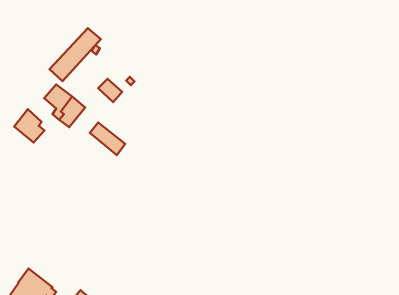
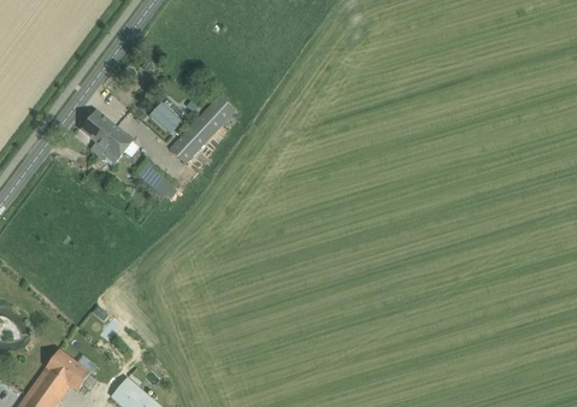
building: [50,28,101,81] -> [170,95,236,164]
building: [14,109,44,142] -> none

